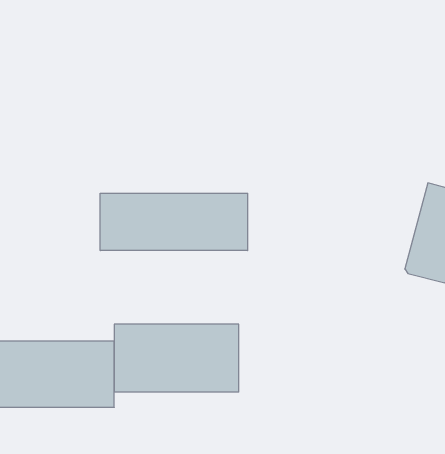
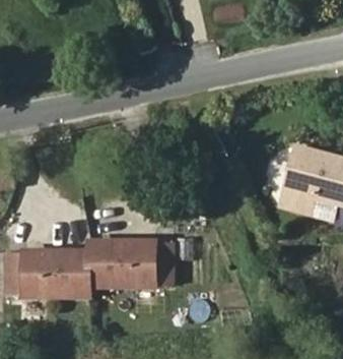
building: [100,193,248,251] -> none

